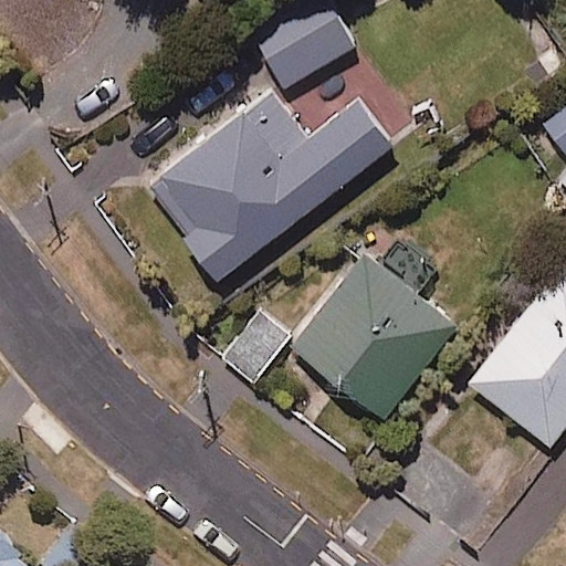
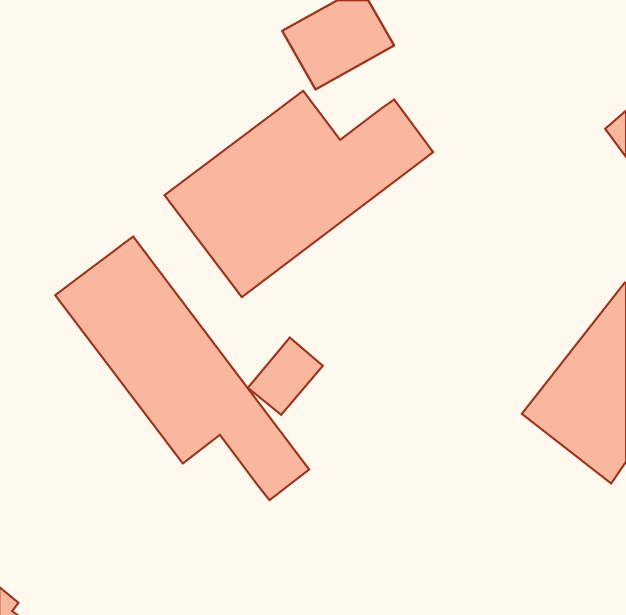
building: none -> [55,237,309,500]
building: [291,253,455,417] -> none

